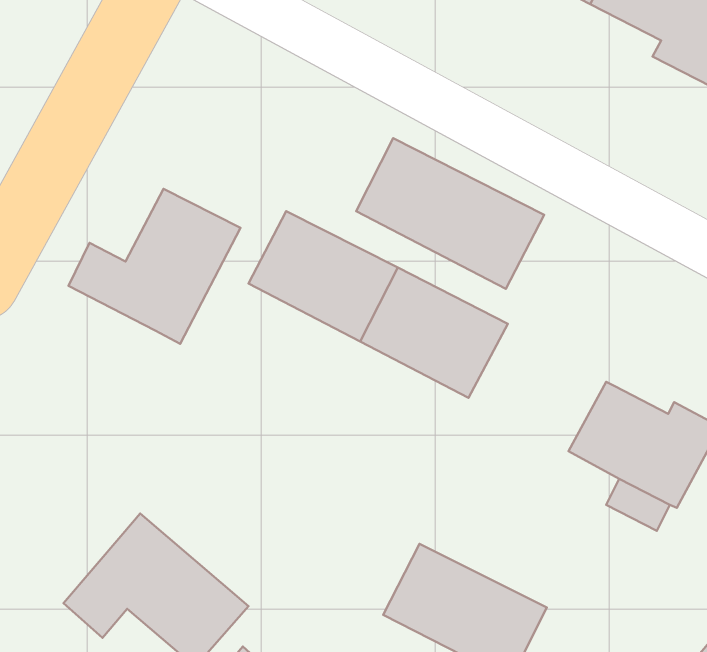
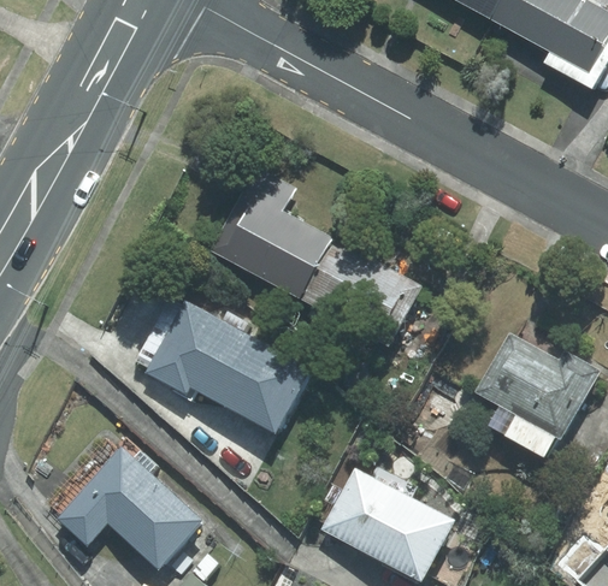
building: [356,138,544,289] -> none
building: [69,189,241,344] -> none
building: none -> [144,298,317,433]

